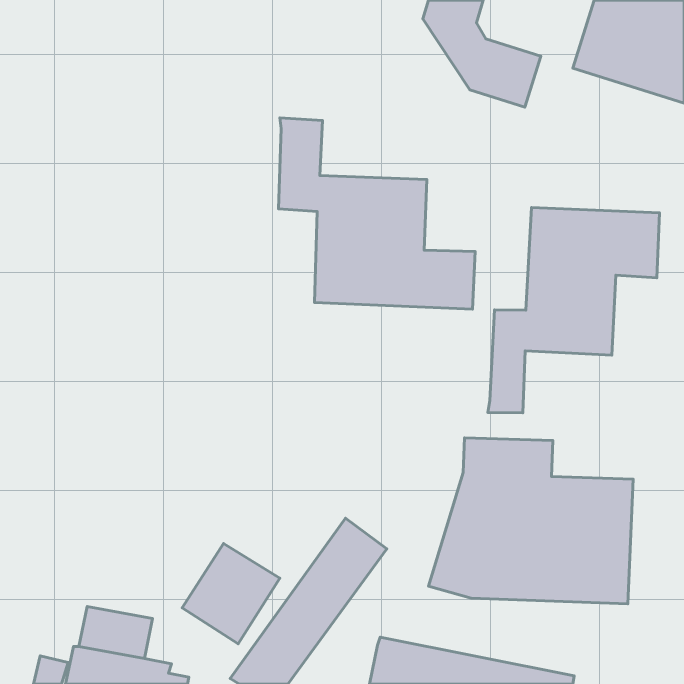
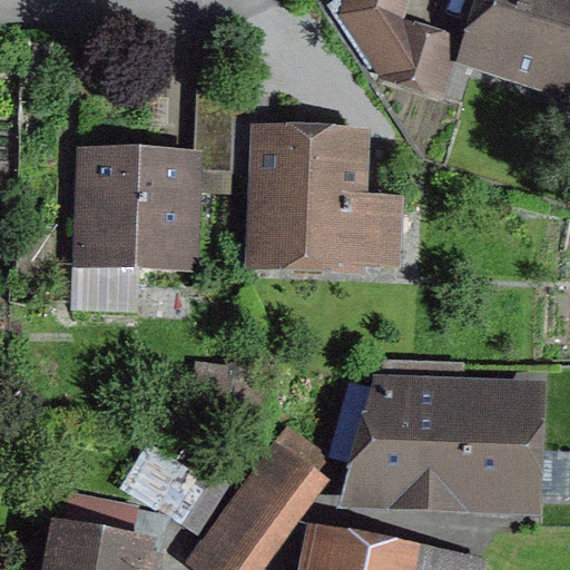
building: none -> [79,97,234,271]
building: [488,207,659,413] -> none

